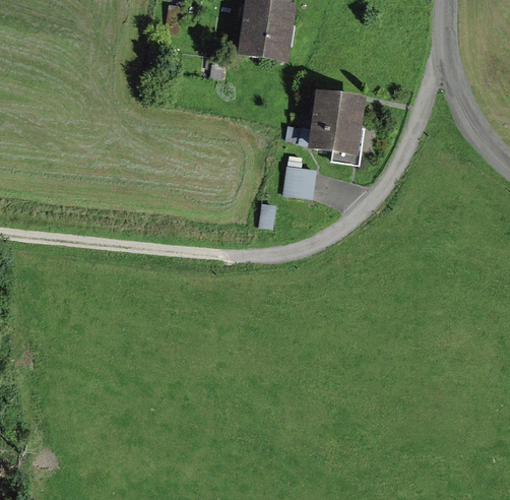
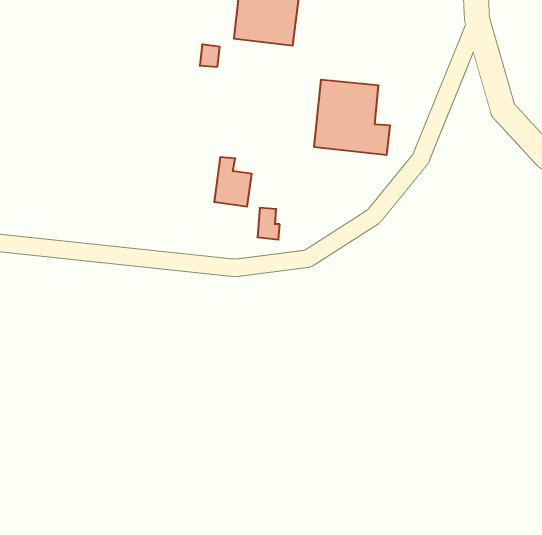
building: [283,153,316,196] -> [214,157,252,207]

